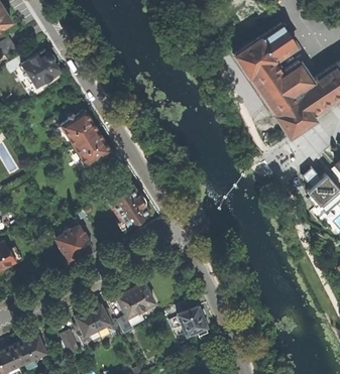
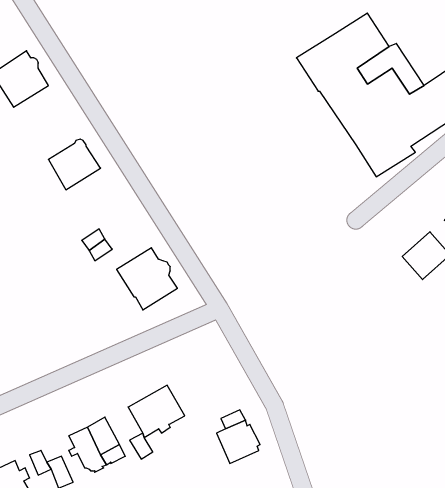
building: [73,130,111,165] -> none
building: [55,226,91,260] -> none

